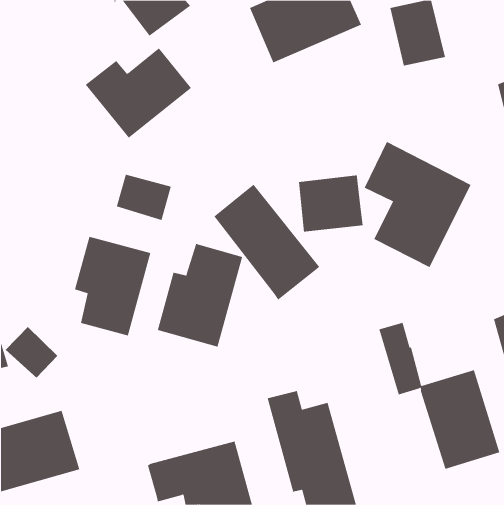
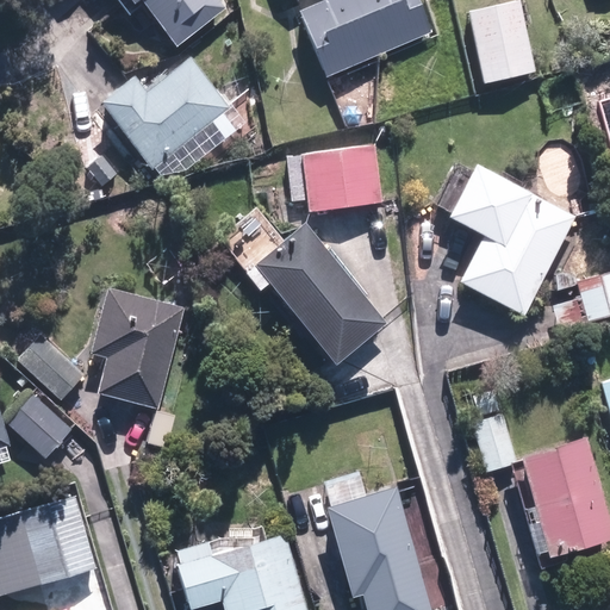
building: [116,174,171,221] -> none
building: [298,175,363,232] -> [301,144,380,213]
building: [157,243,243,347] -> none
building: none -> [19,336,85,400]

